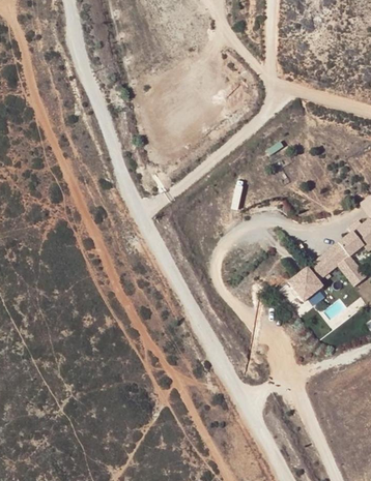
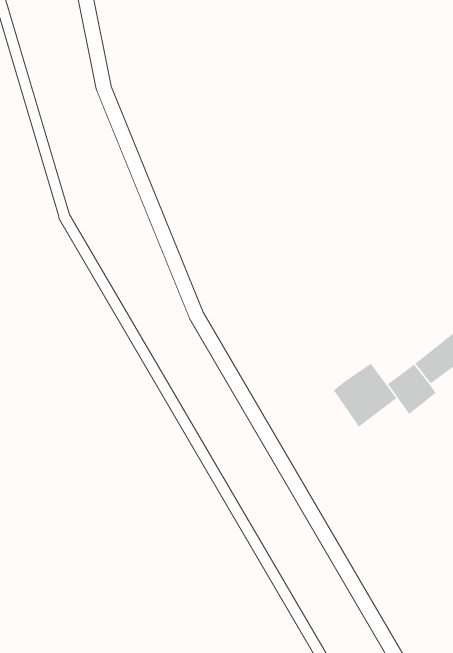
building: none -> [333,363,397,427]

